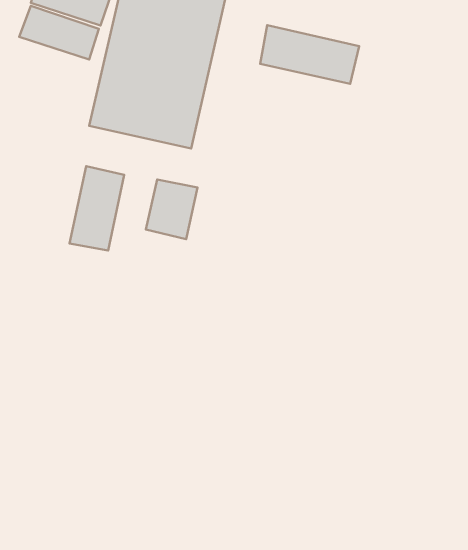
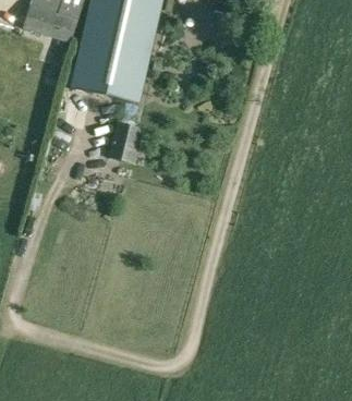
building: [260,25,359,84] -> none
building: [69,166,124,251] -> none

